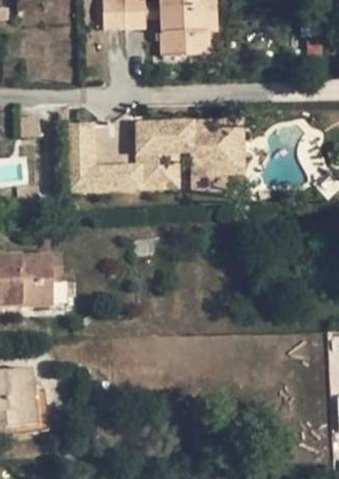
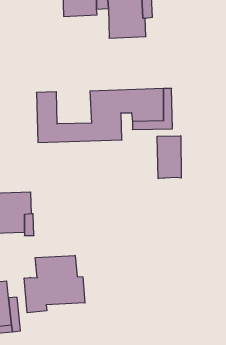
building: none -> [157,136,181,179]
building: none -> [24,255,85,313]

